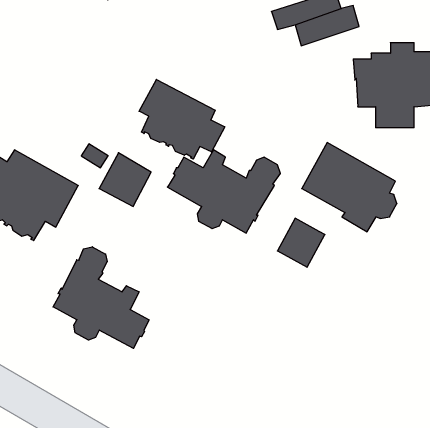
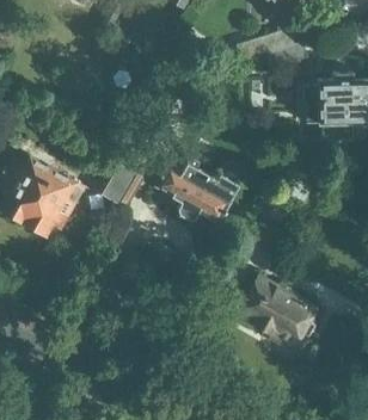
building: [139,79,225,159] -> none
building: [302,143,397,232] -> [240,278,317,350]
building: [53,247,149,348] -> none

